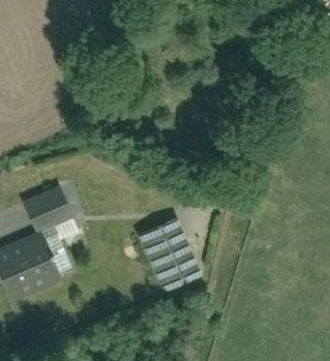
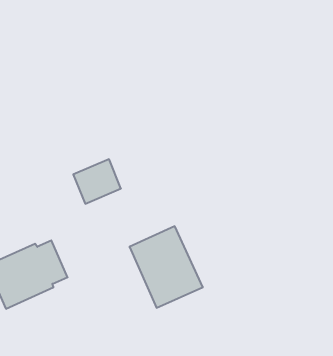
building: [27,188,72,231] -> [73,159,121,204]

